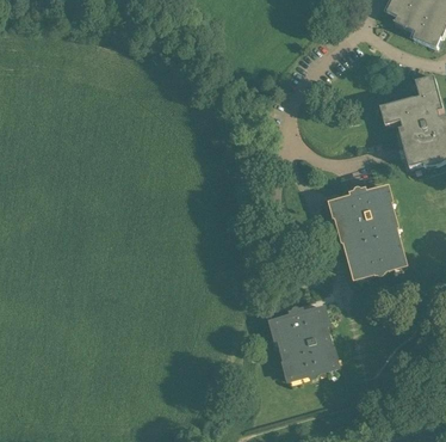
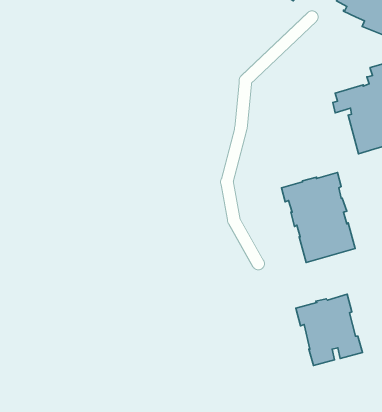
building: [270,306,337,379] -> [296,294,362,366]

